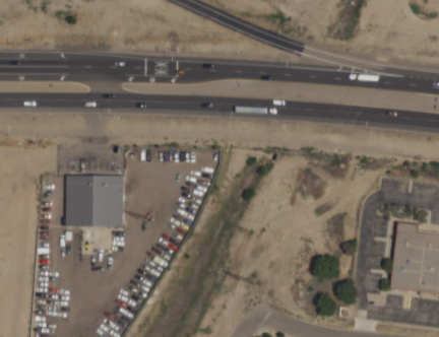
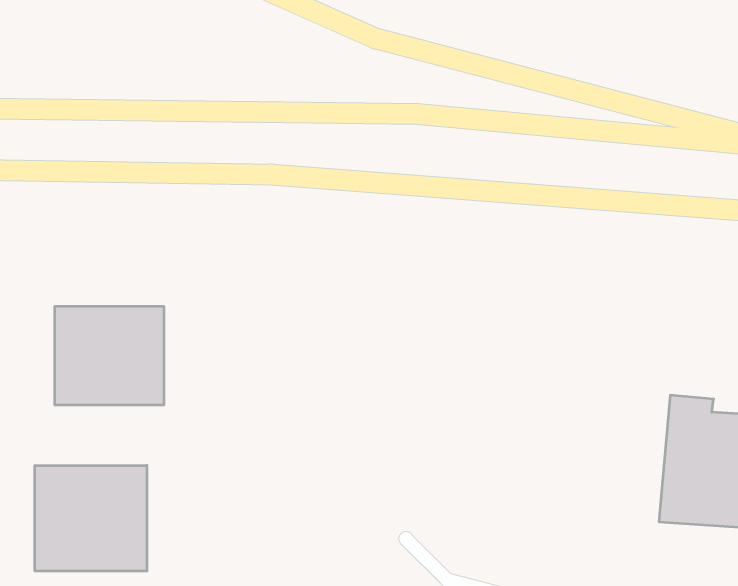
building: none -> [35,465,147,571]

